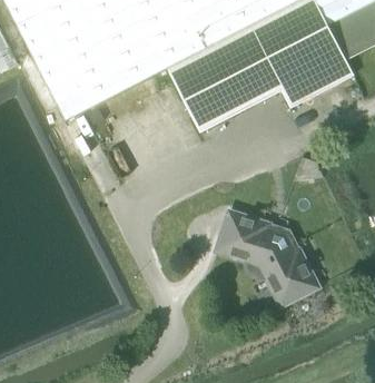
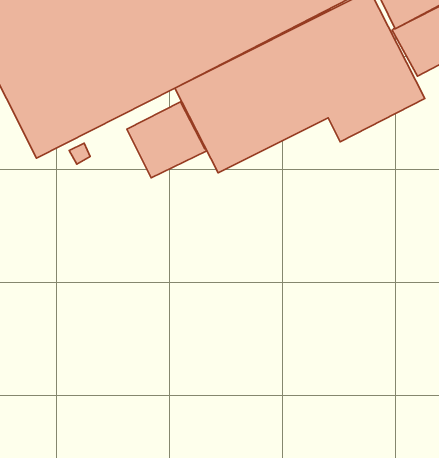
building: none -> [127,102,206,178]
building: [217,213,308,298] -> none

